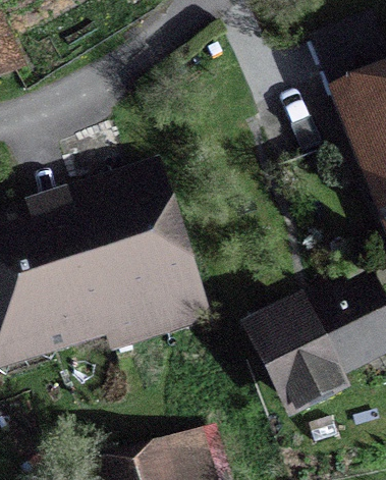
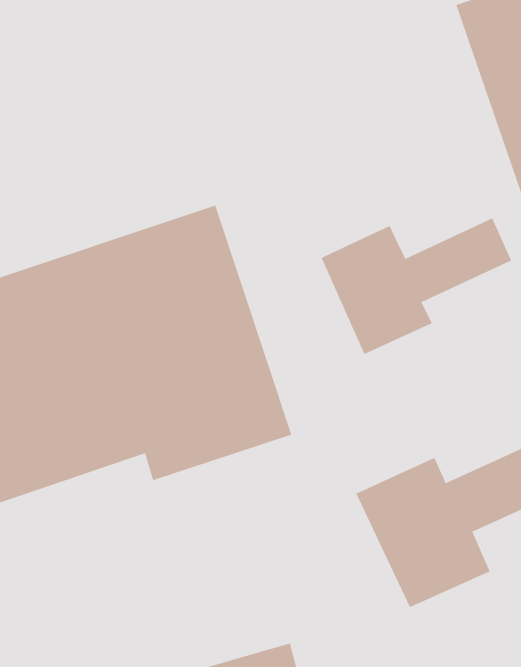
building: none -> [321,218,512,355]

